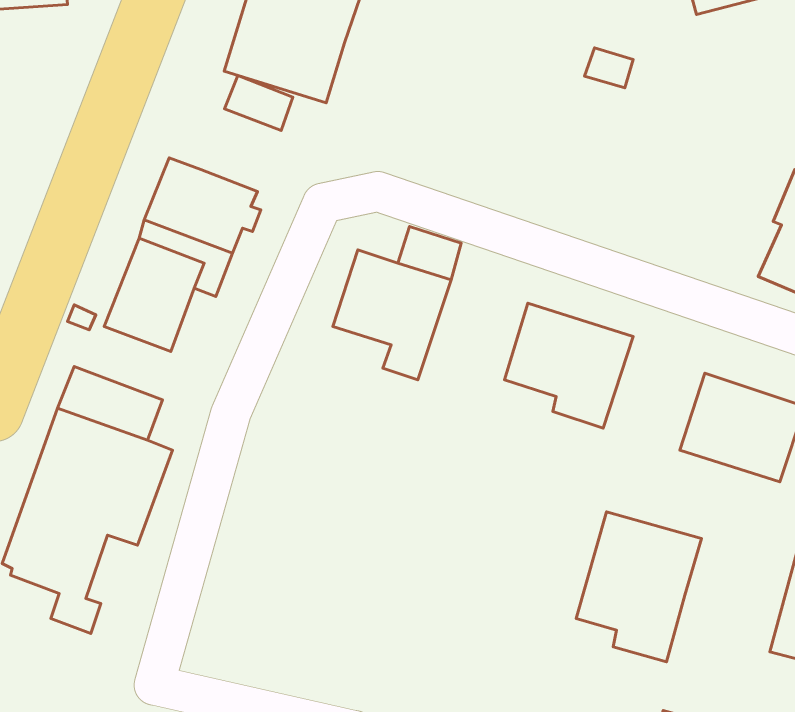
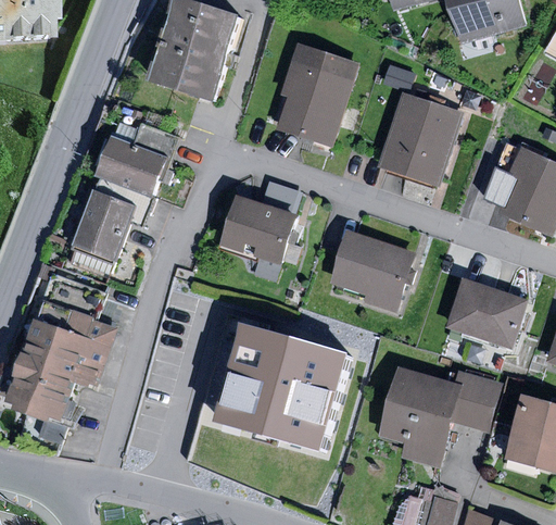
building: none -> [276,42,357,145]
building: [225,75,293,131] -> [134,122,178,158]
building: none -> [378,91,460,184]
building: none -> [217,325,351,452]
building: none -> [448,371,501,430]

